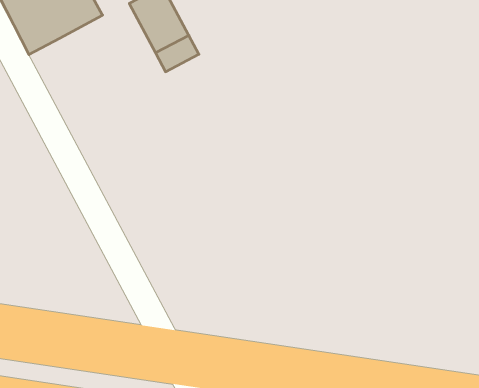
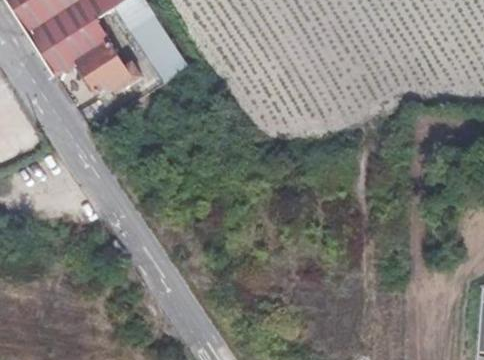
building: none -> [85,52,148,104]

